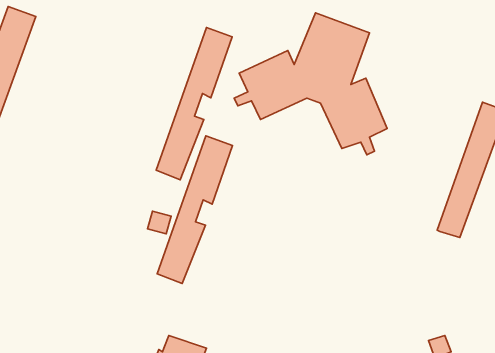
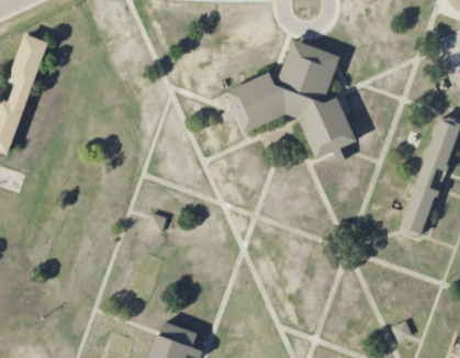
building: [156,28,232,180] -> none
building: [157,136,233,283] -> none

